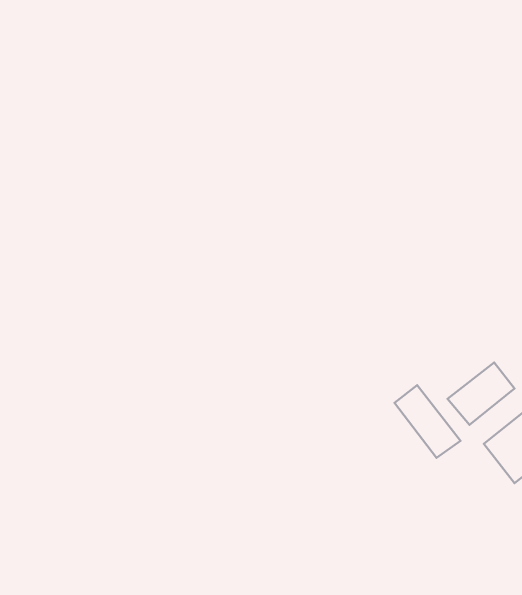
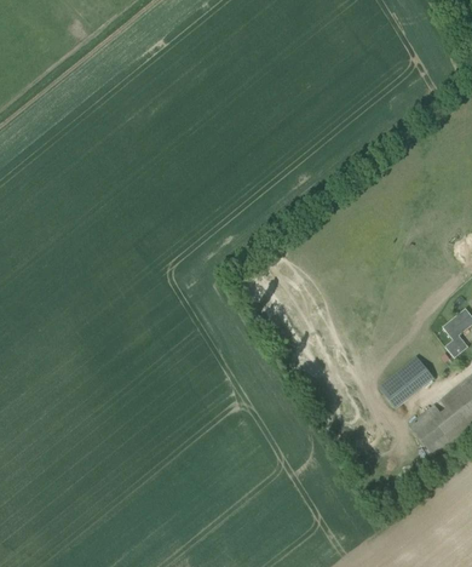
building: [395,385,461,458] -> none

